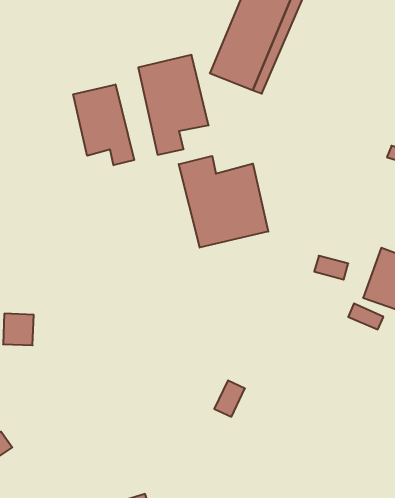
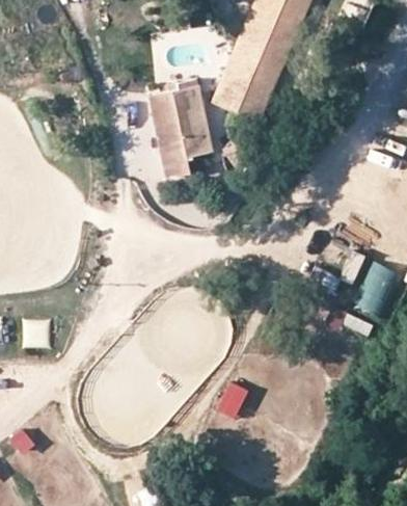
building: [73,84,134,165] -> none
building: [179,156,268,248] -> none

